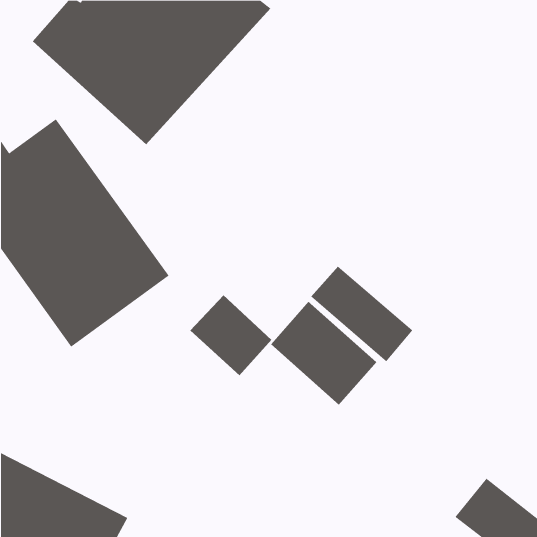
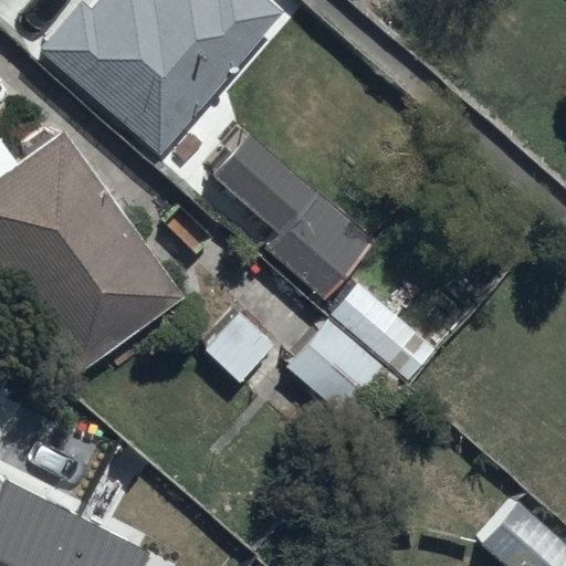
building: none -> [209,130,375,303]

